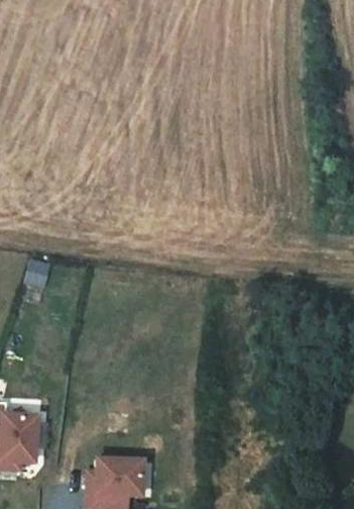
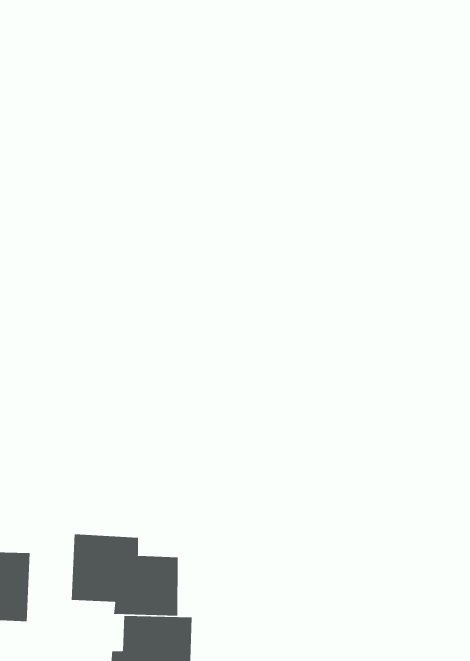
building: none -> [71,534,178,617]

